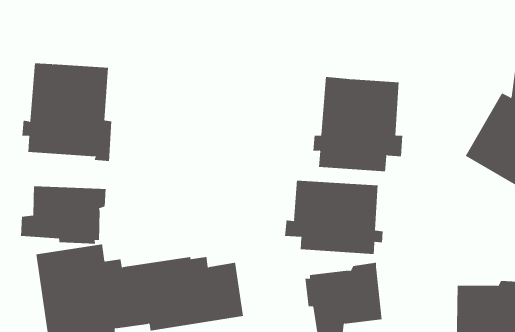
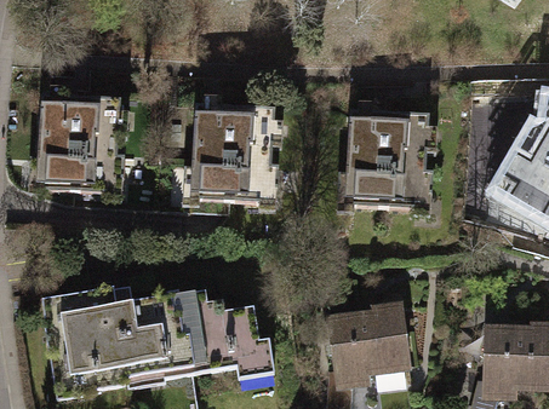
building: none -> [182,100,278,200]
building: [285,180,383,255] -> none
building: [21,185,106,244] -> none

